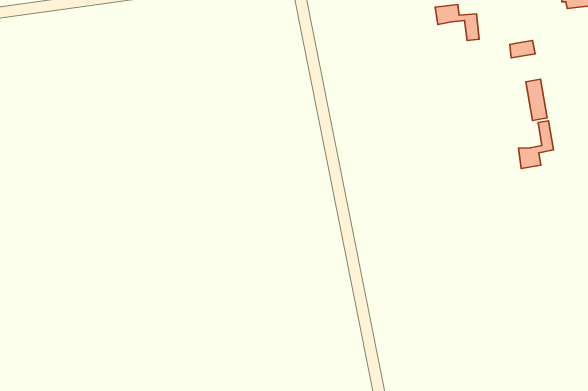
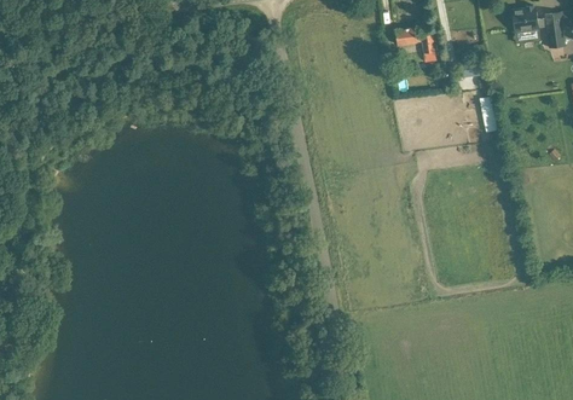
building: [518,121,554,168] -> none

